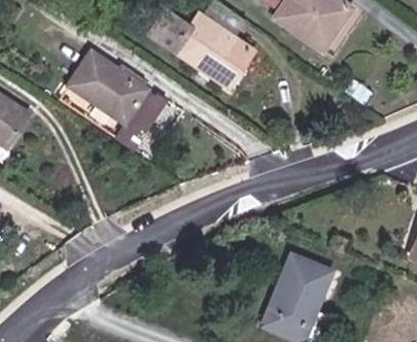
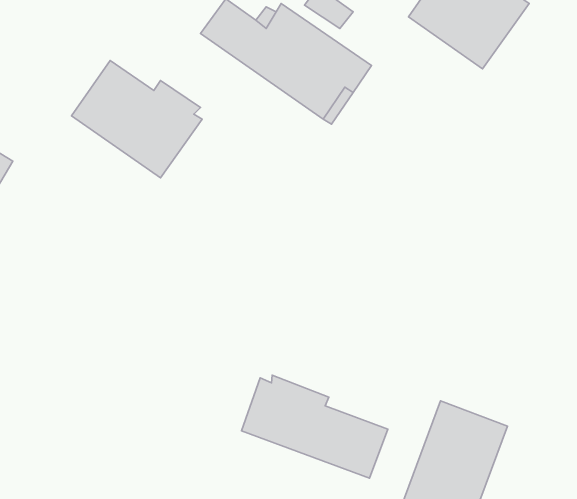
building: [59,81,166,143] -> none
building: none -> [242,375,388,478]

